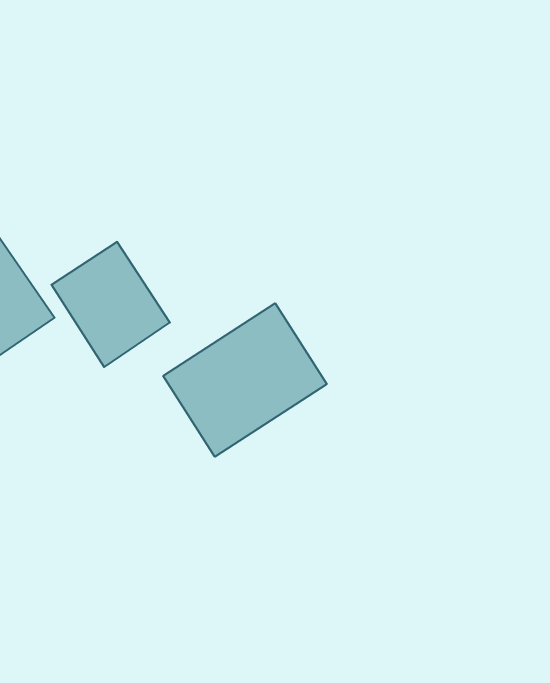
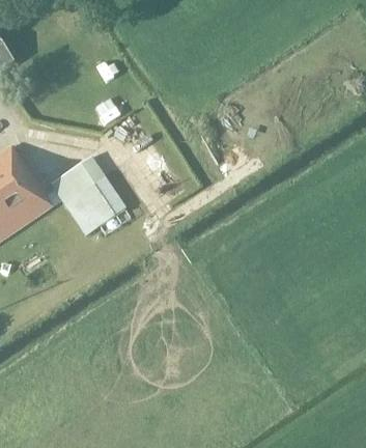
building: [163,303,327,457] -> none

